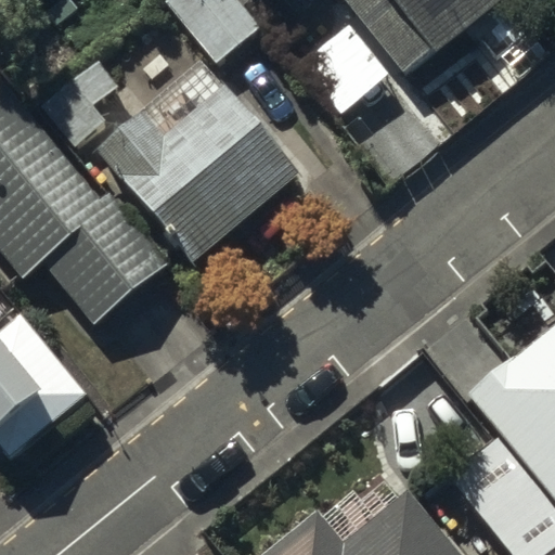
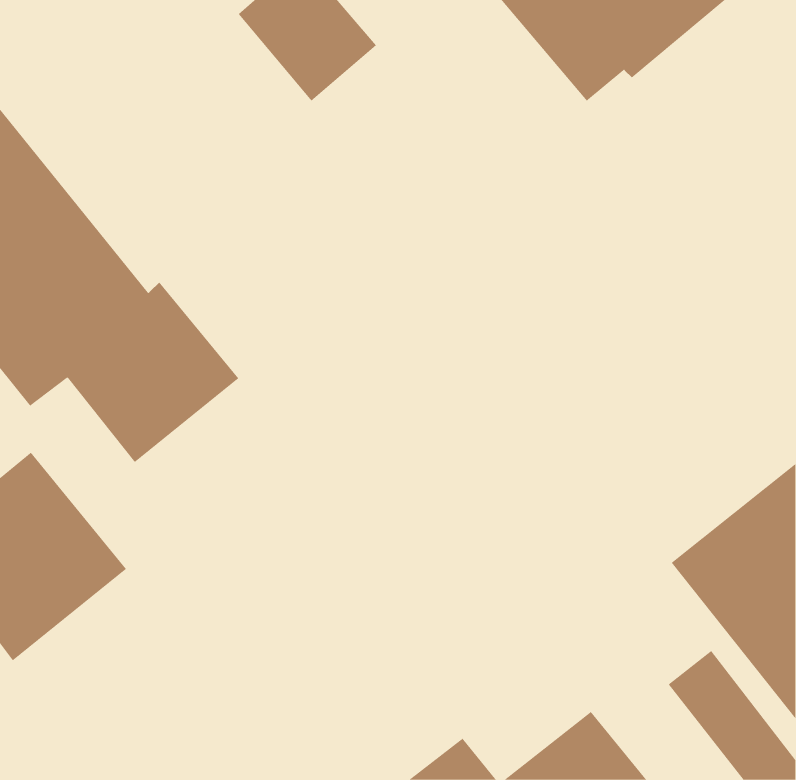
building: [98,61,300,263] -> none

